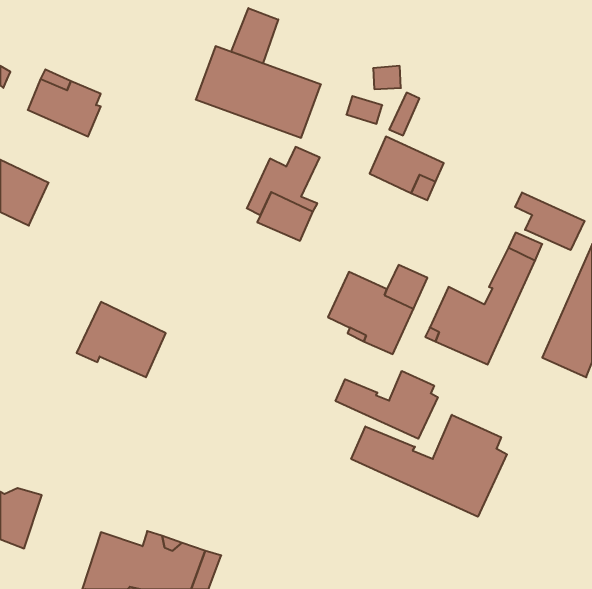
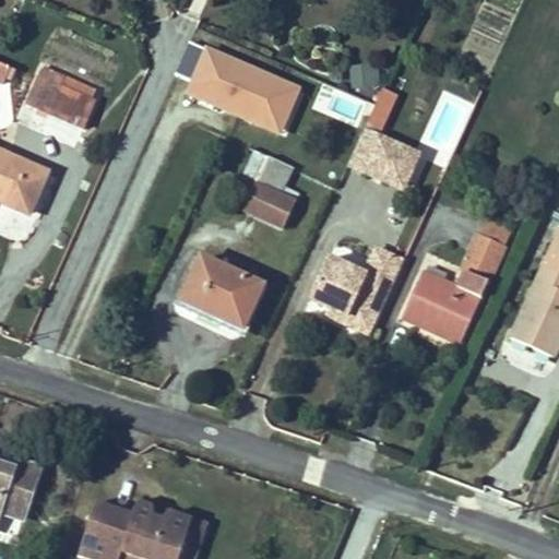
building: [231,8,278,63] -> none
building: [515,192,585,250] -> none
building: [77,302,166,377] -> [178,257,262,328]
building: [336,371,438,439] -> none
building: [351,415,507,517] -> none

